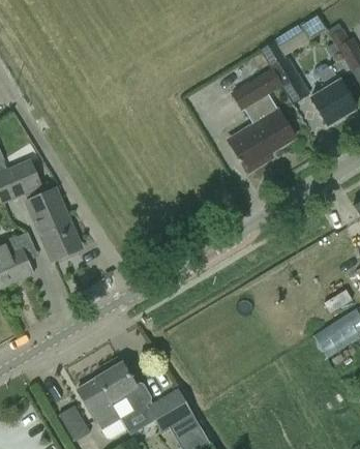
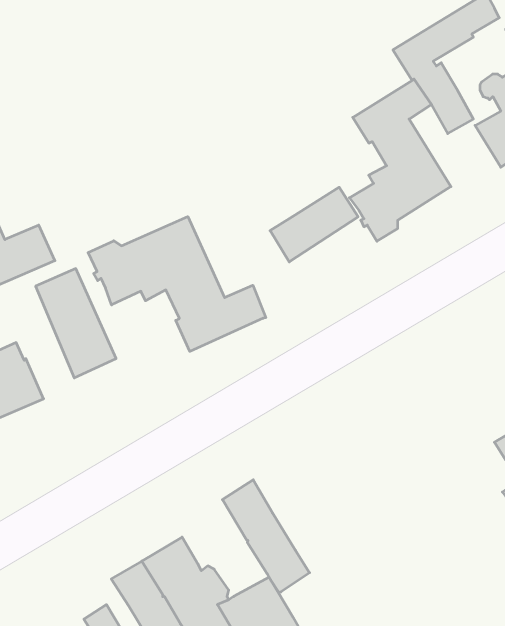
building: none -> [270,187,358,262]
building: none -> [88,217,266,351]
building: none -> [222,480,310,593]

